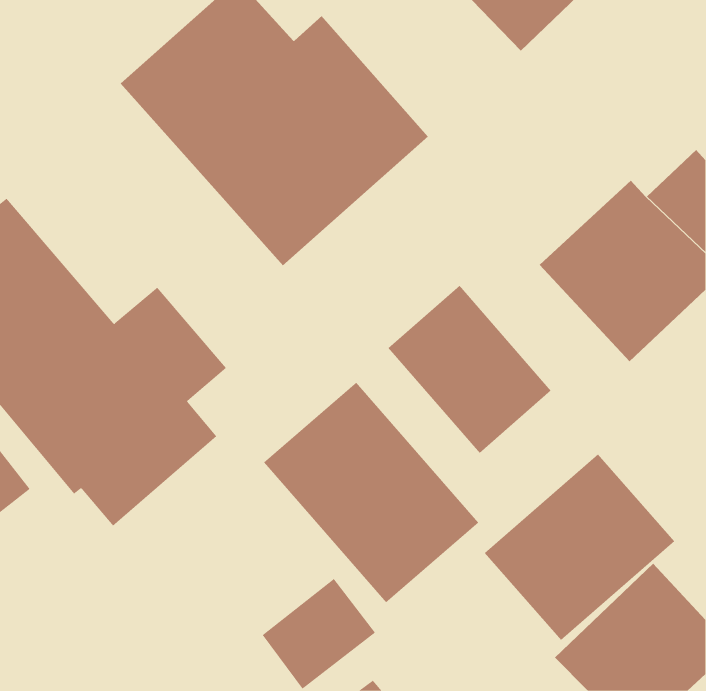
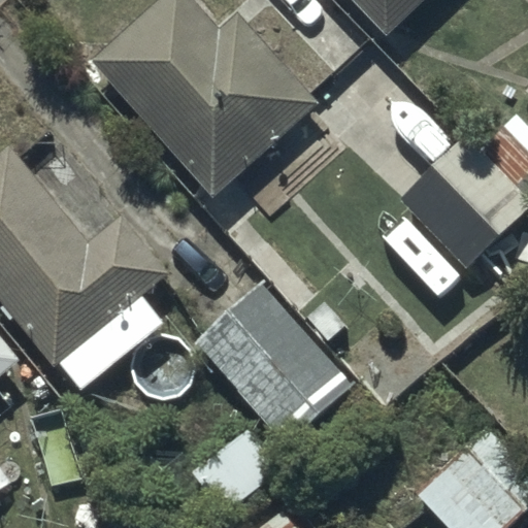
building: [388,285,552,454] -> none
building: [484,453,675,641] -> none

